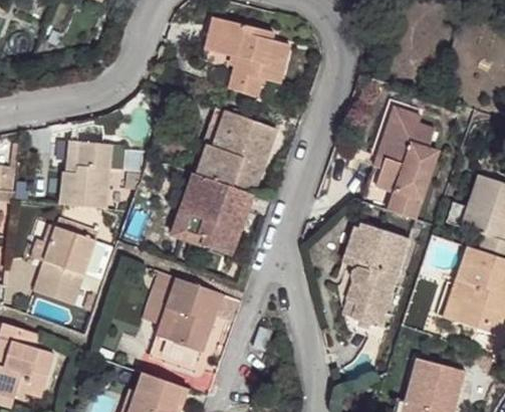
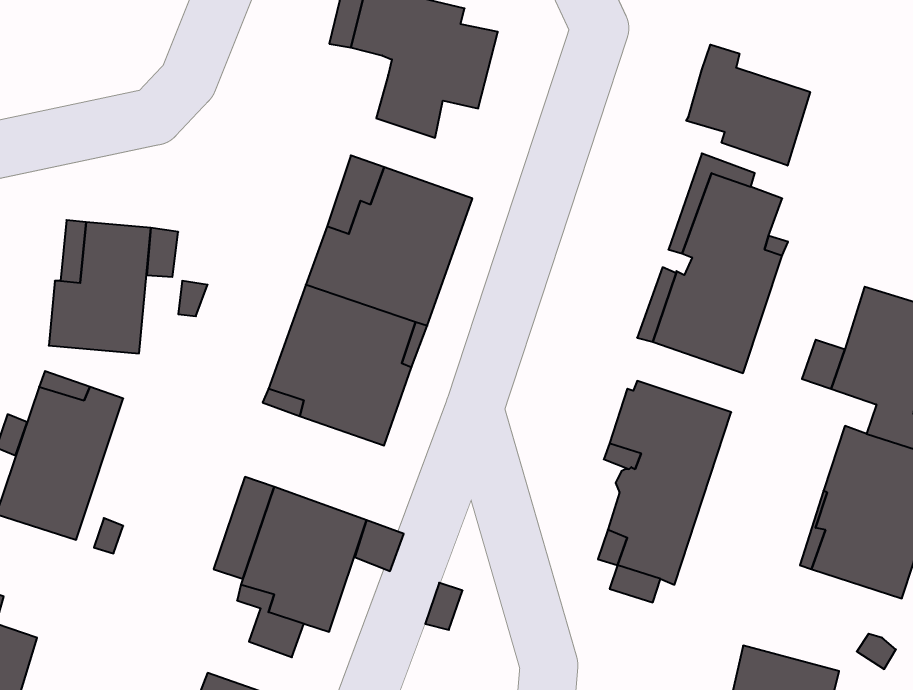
building: none -> [686,45,810,166]

